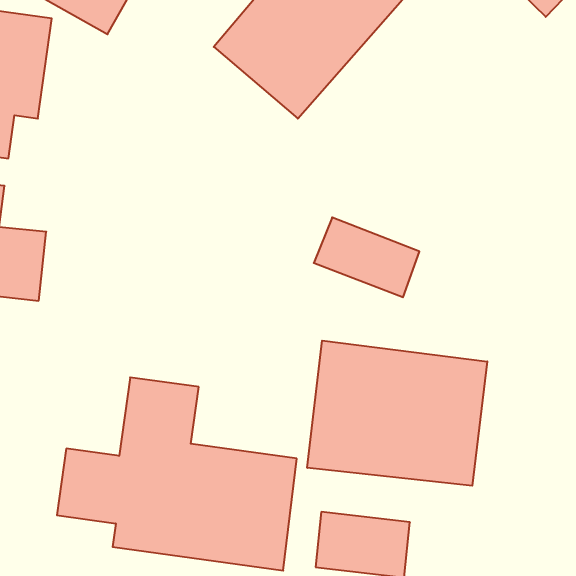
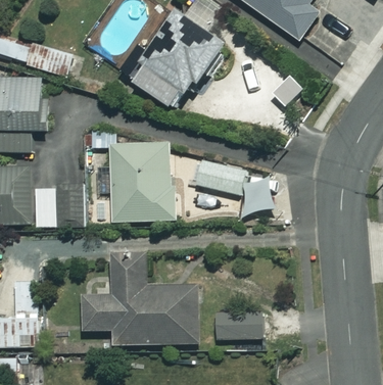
building: none -> [96,143,173,221]
building: [307,341,487,486] -> none

